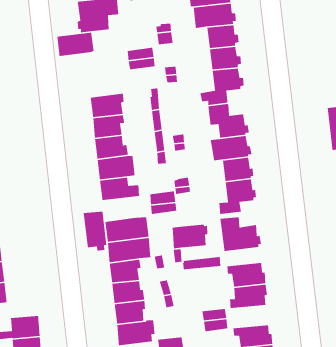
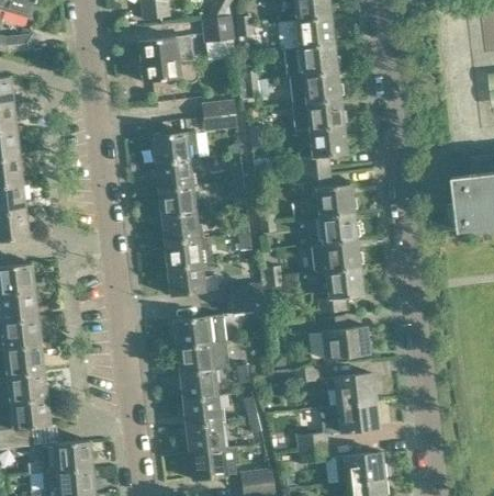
building: [56,32,94,57] -> [150,133,199,165]
building: [83,211,107,252] -> none
building: [172,224,208,249] -> none

